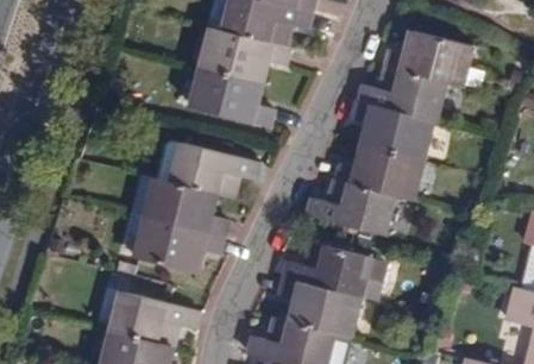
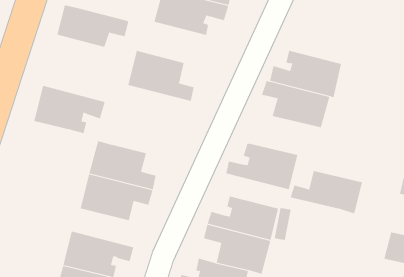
building: [199,29,288,81] -> [56,5,129,48]
building: [385,32,476,86] -> none
building: [168,137,256,196] -> [34,85,105,134]
building: [337,146,426,200] -> [290,170,363,214]

